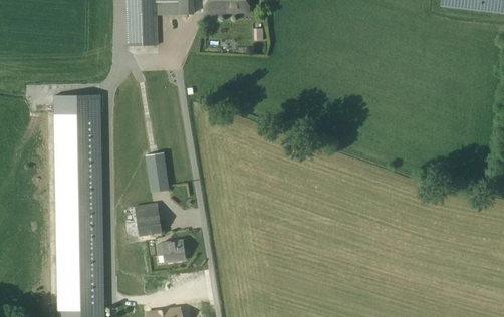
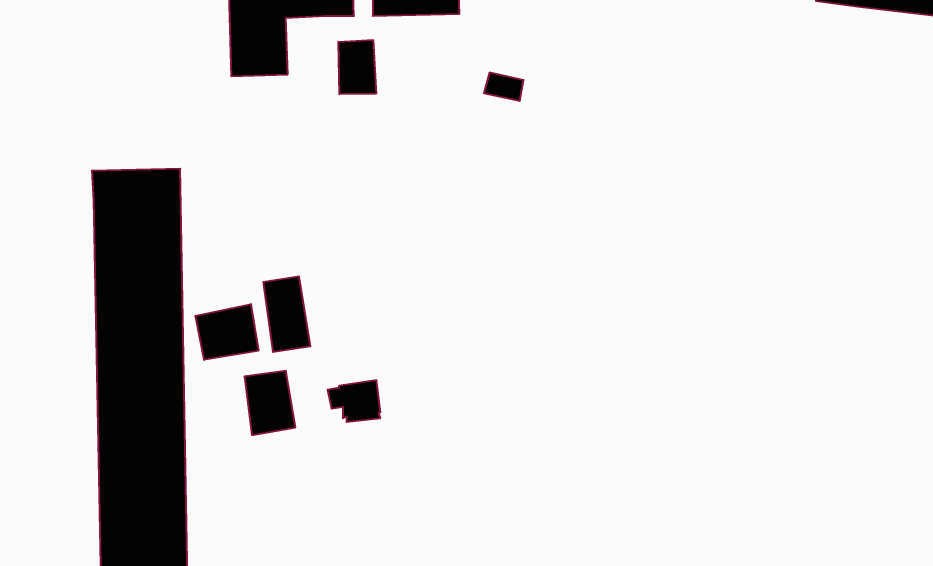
building: none -> [338,40,376,94]
building: none -> [195,304,258,360]
building: [156,239,184,261] -> [328,380,380,422]

